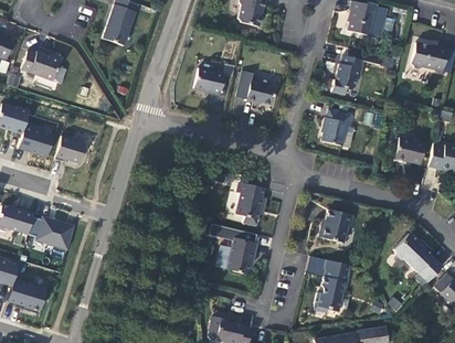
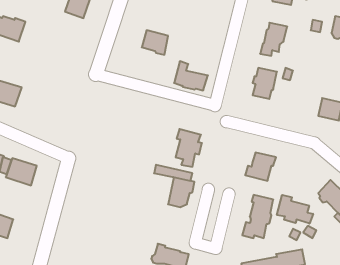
building: [239,67,278,101] -> [174,61,208,90]
building: [53,135,83,162] -> none
building: none -> [277,195,313,224]

